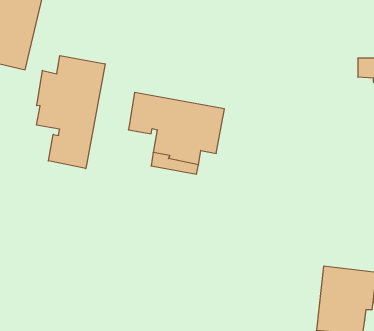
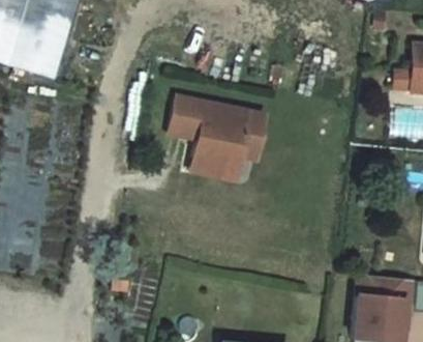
building: [37,56,105,169] -> none

